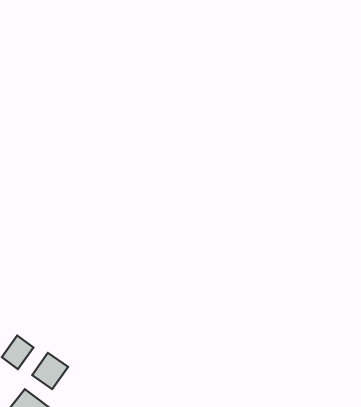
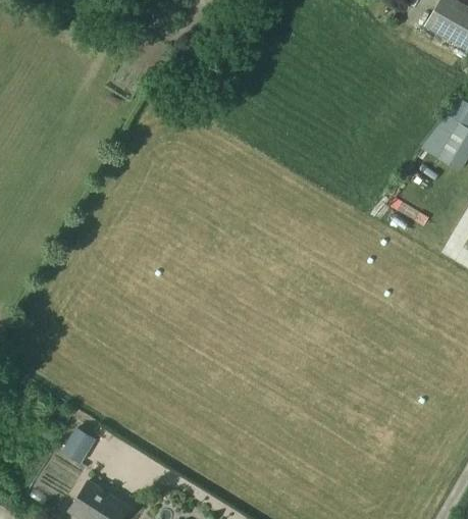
building: [32,353,68,389] -> none

